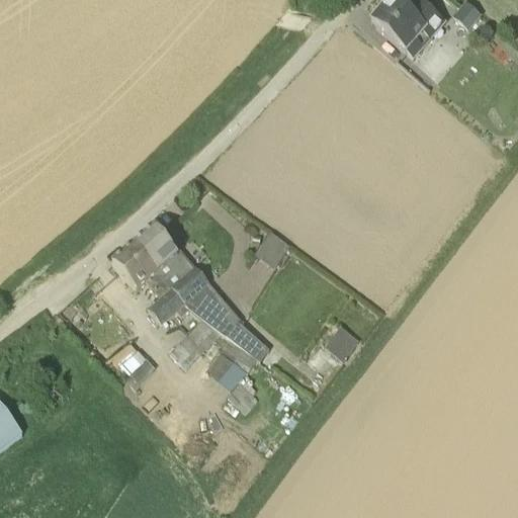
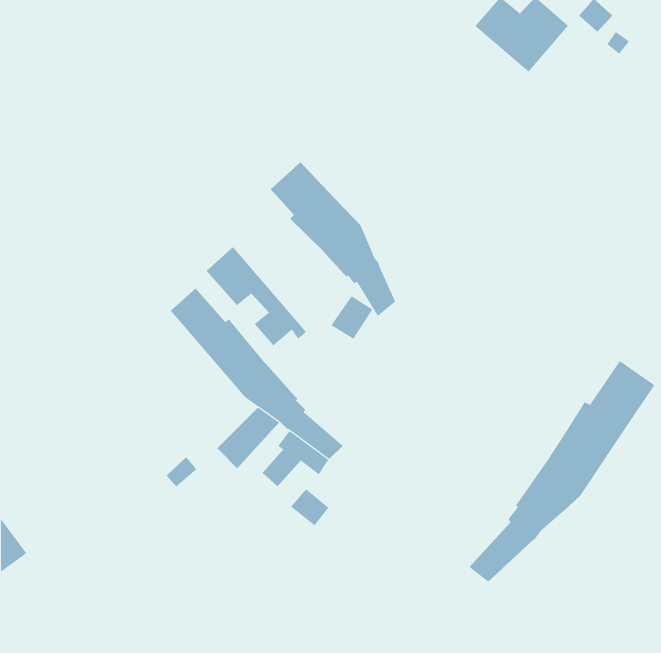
building: none -> [270,162,396,317]
building: [112,243,191,321] -> [206,246,307,346]
building: none -> [469,360,655,583]
building: [327,326,357,358] -> none

